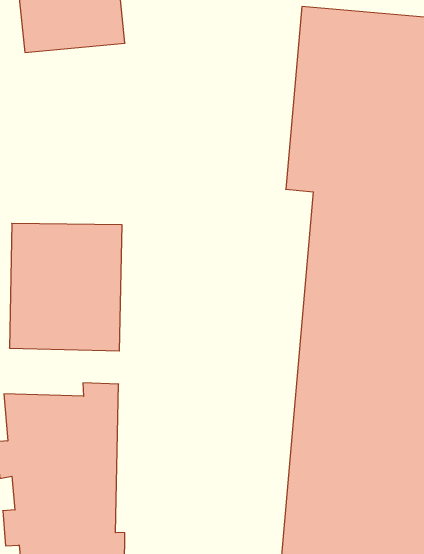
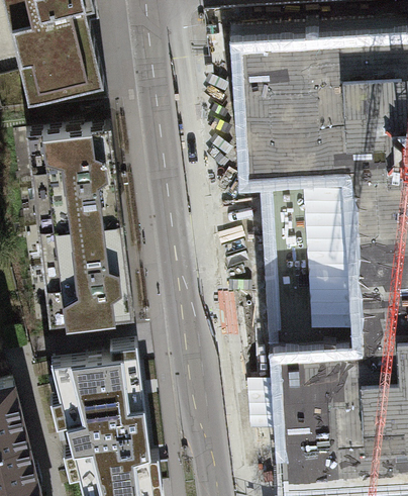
building: none -> [26,132,121,238]

